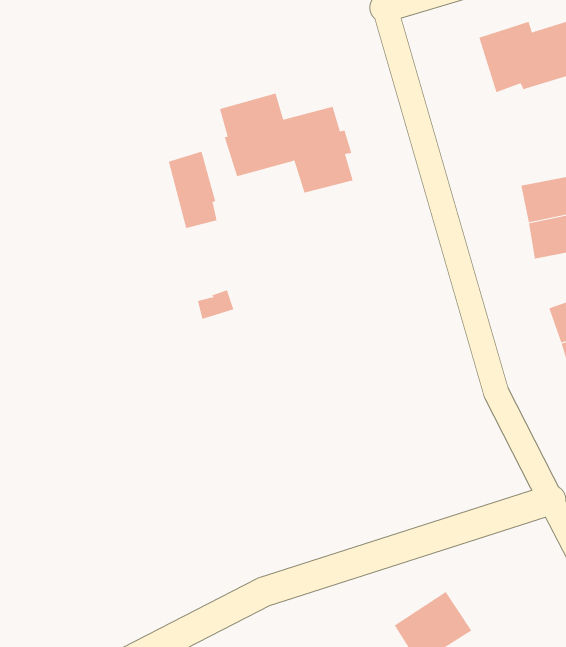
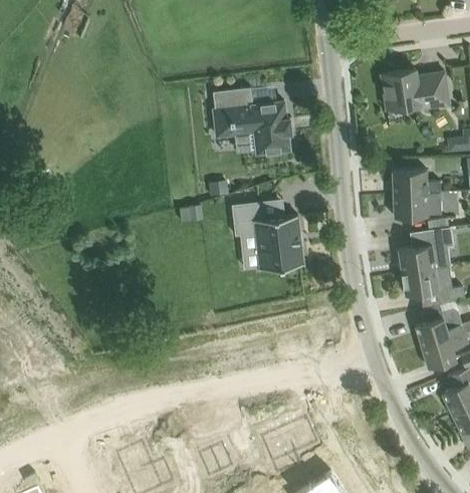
building: [168,151,217,229] -> none
building: none -> [231,202,303,270]

